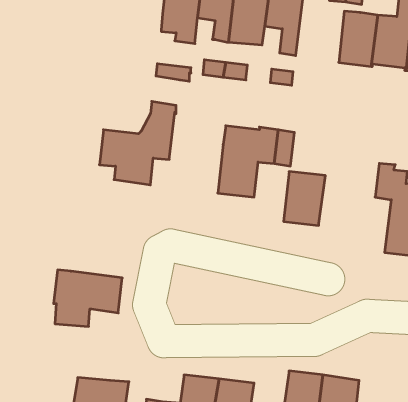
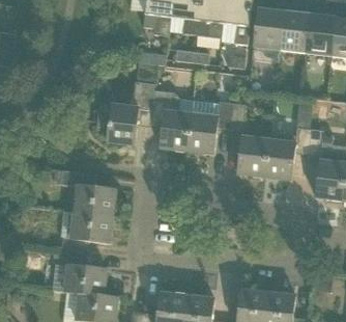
building: none -> [252,8,283,51]
building: none -> [148,89,190,152]
building: none -> [263,127,310,180]
building: none -> [59,170,115,217]
building: none -> [51,252,106,296]

